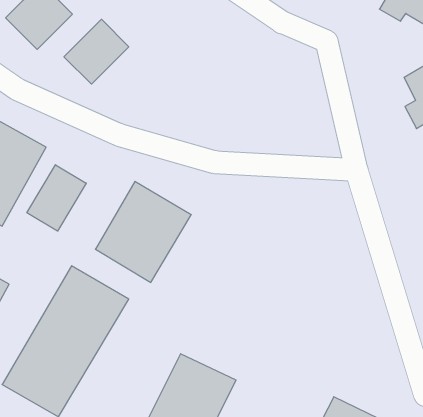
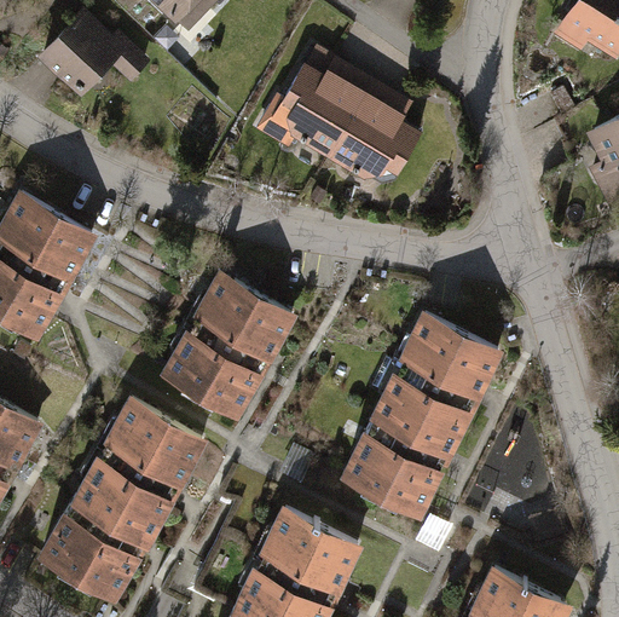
building: none -> [272,53,421,184]
building: [64,19,129,84] -> none
building: [27,165,86,231] -> none
building: none -> [342,311,503,518]

